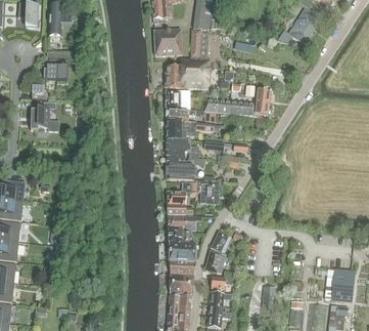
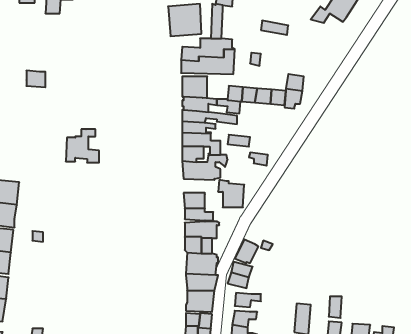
building: [43,58,68,81] -> none
building: [30,101,58,130] -> [66,129,99,163]
building: [324,268,353,299] -> none

